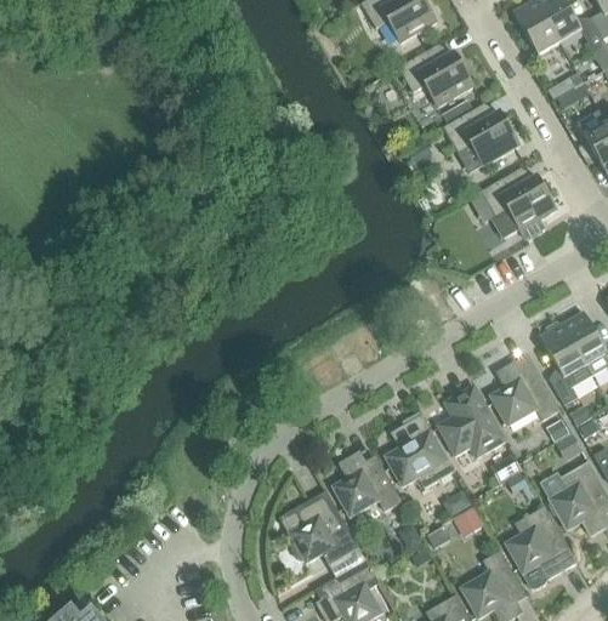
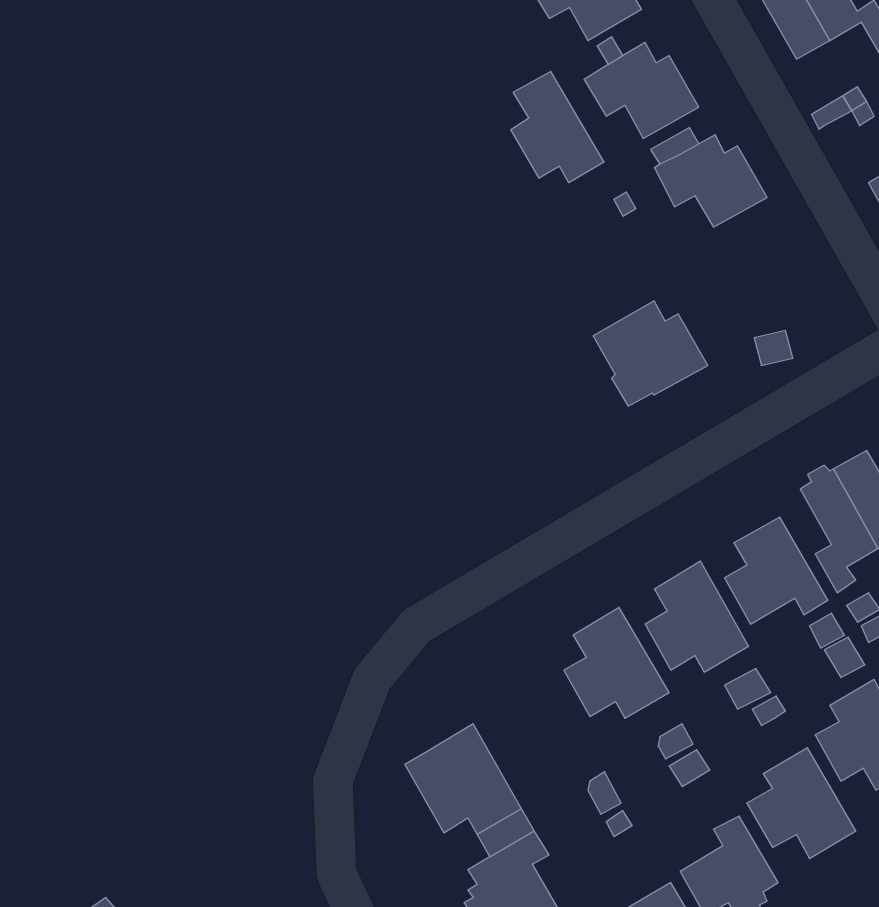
building: none -> [511,71,604,183]
building: [481,167,556,237] -> [593,301,708,406]
building: [333,455,400,517] -> none

